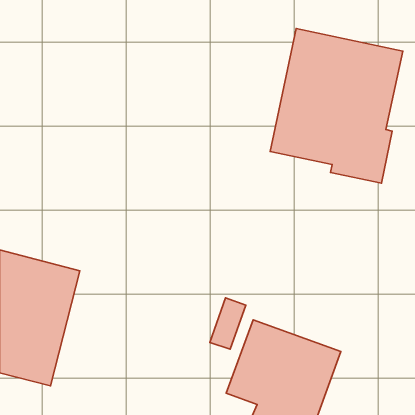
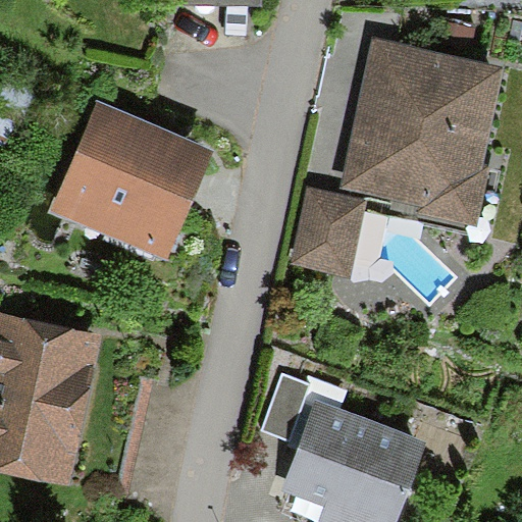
building: none -> [48,100,212,260]
building: none -> [291,190,365,277]

